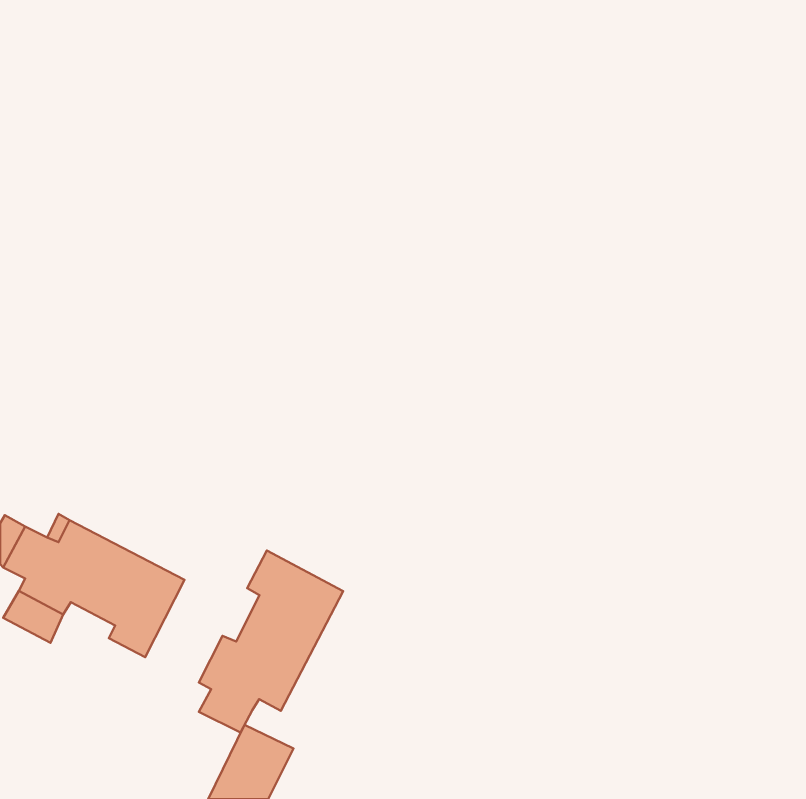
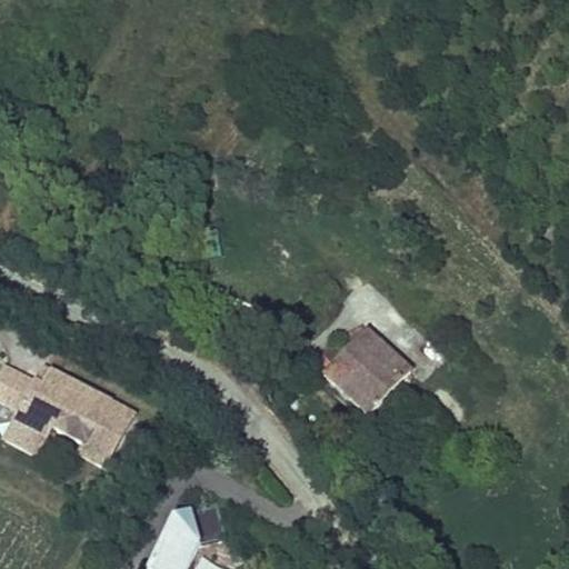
building: none -> [317,326,411,413]
building: [199,550,343,733] -> none

